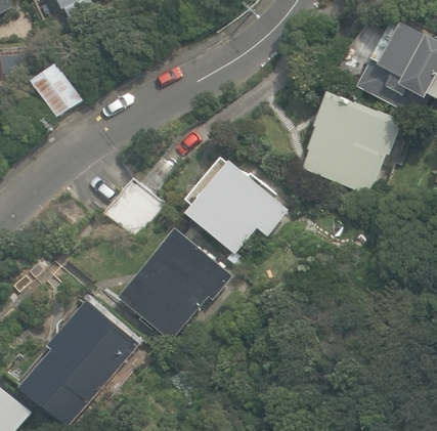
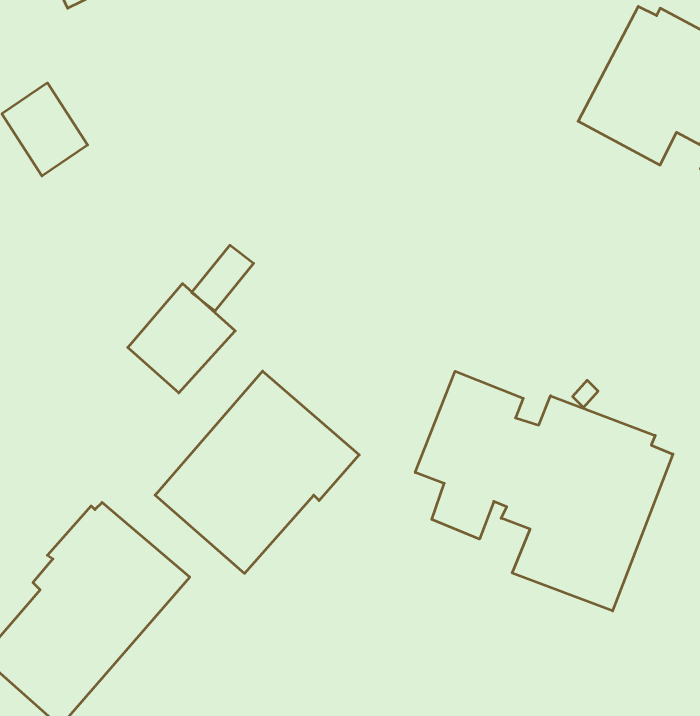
building: [301,92,401,195] -> none
building: [187,162,288,254] -> none
building: none -> [415,371,673,611]

